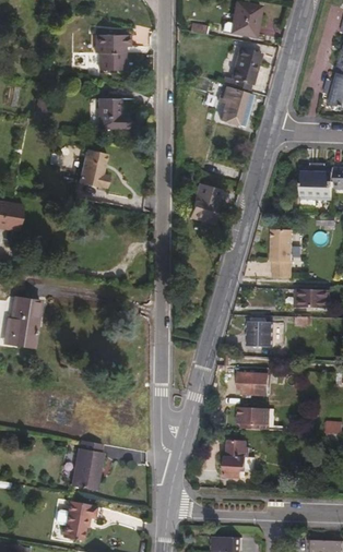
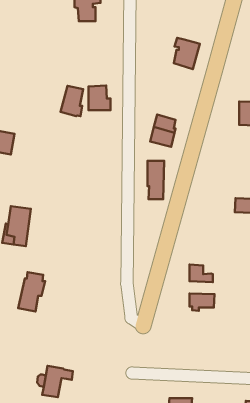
building: [221,49,260,91] -> none
building: [97,98,125,129] -> [89,86,110,110]
building: [272,229,293,277] -> [147,161,164,199]
building: [248,321,272,346] -> none
building: [70,439,104,488] -> [18,272,45,312]
building: [226,447,256,477] -> none

